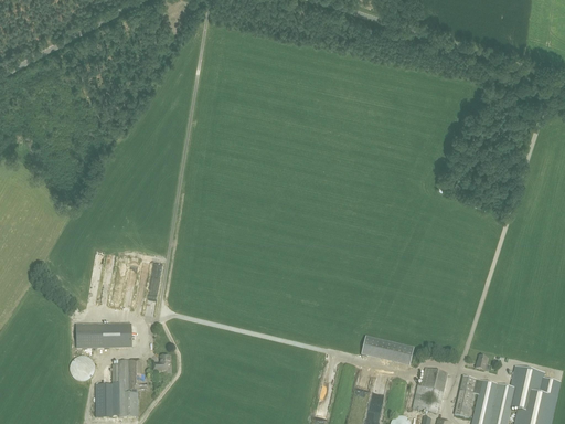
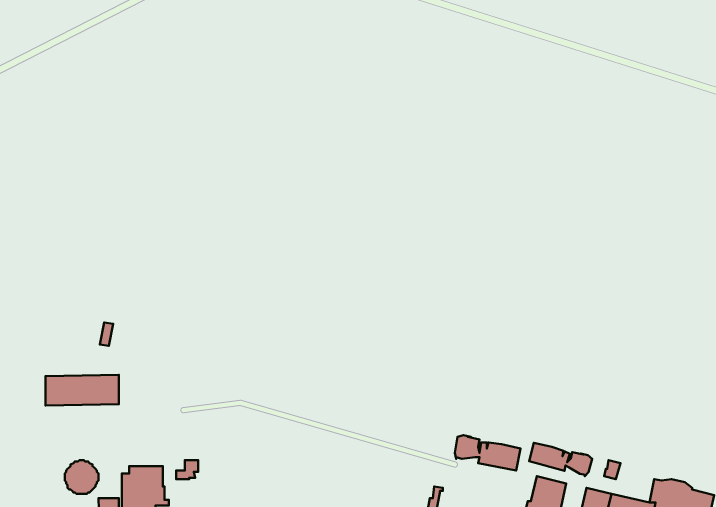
building: [76,324,131,347] -> [46,375,119,405]
building: none -> [529,443,592,476]

